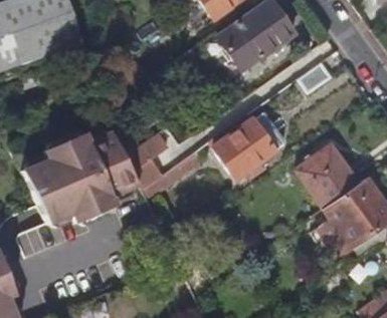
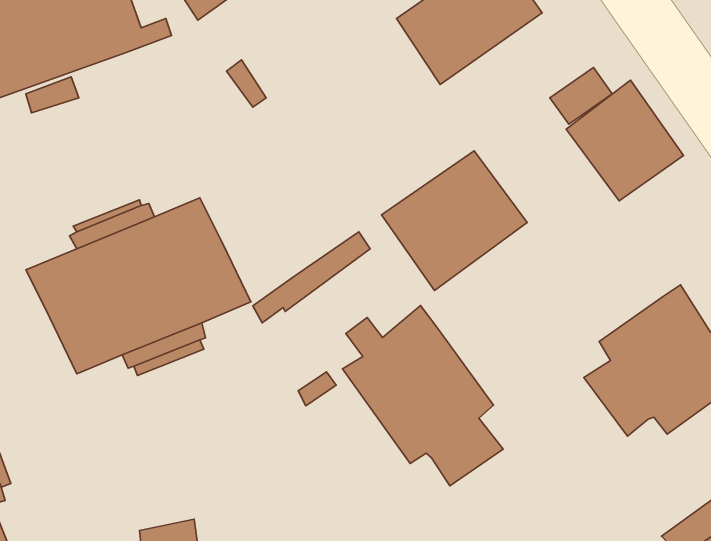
building: [125,132,168,189] -> none
building: [297,143,359,208] -> [566,80,684,201]
building: none -> [343,306,503,486]

